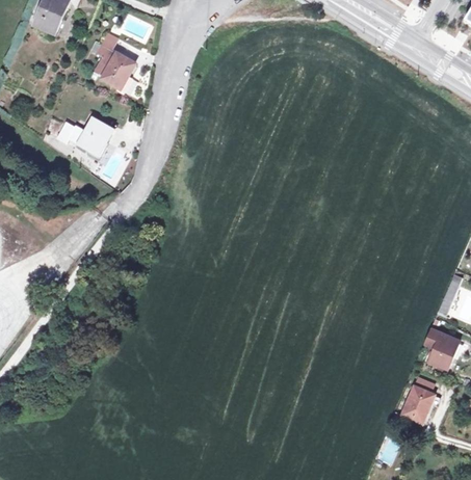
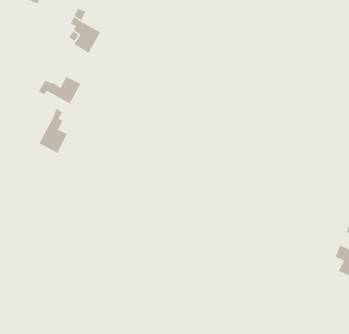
building: none -> [39,108,68,154]
building: [399,376,434,423] -> none

